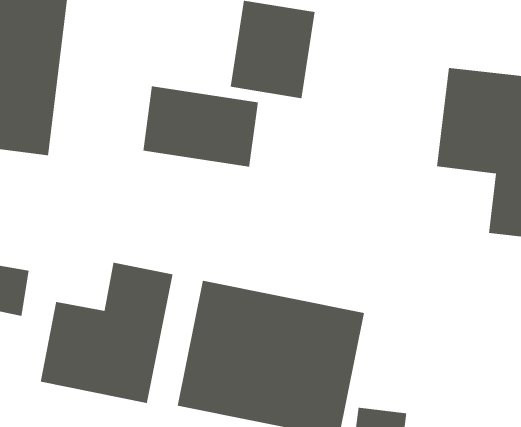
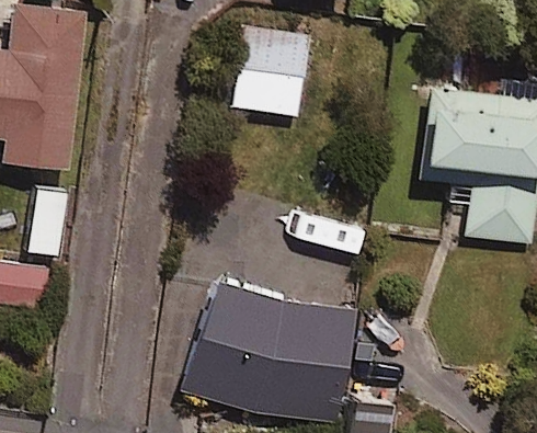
building: [143,85,258,167] -> none
building: [40,262,173,404] -> none

